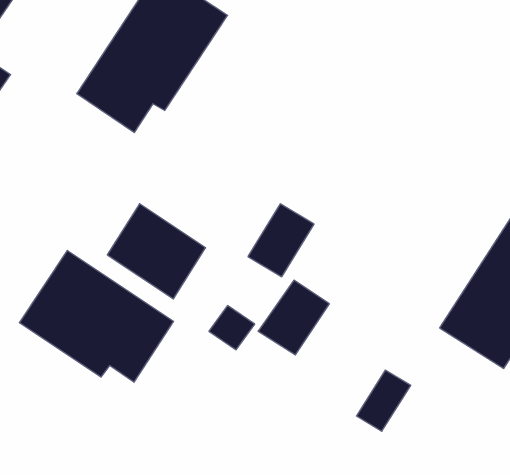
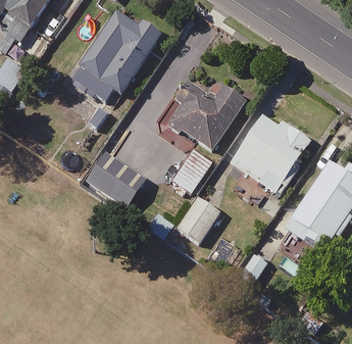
building: none -> [169,87,245,150]
building: none -> [231,114,310,194]
building: [19,250,174,382] -> none

